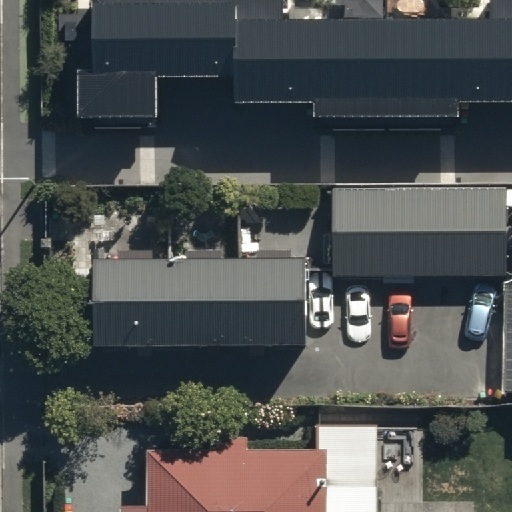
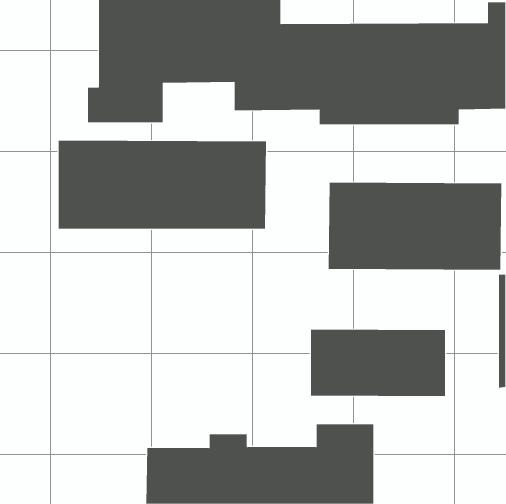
building: [93,253,304,343] -> [58,140,267,229]
building: none -> [311,329,446,397]

